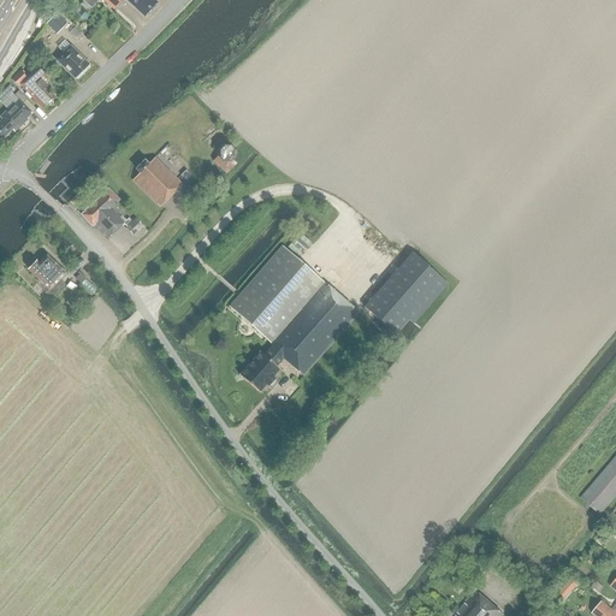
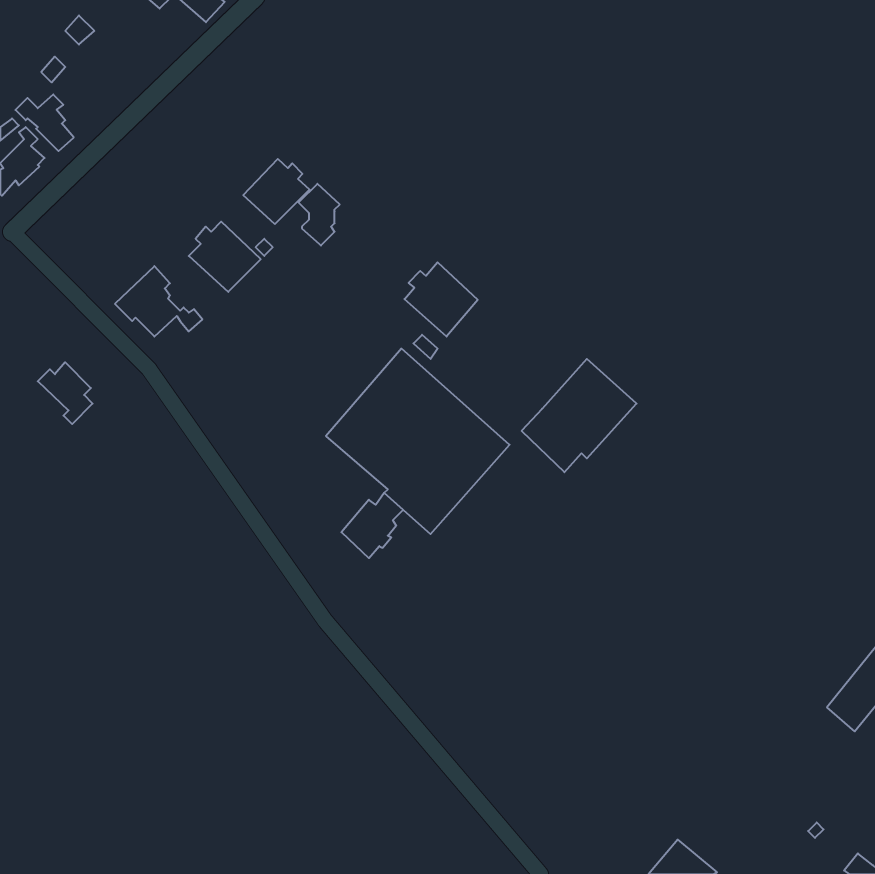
building: [57,45,89,77] -> none
building: none -> [243,159,310,224]
building: none -> [404,262,478,337]

